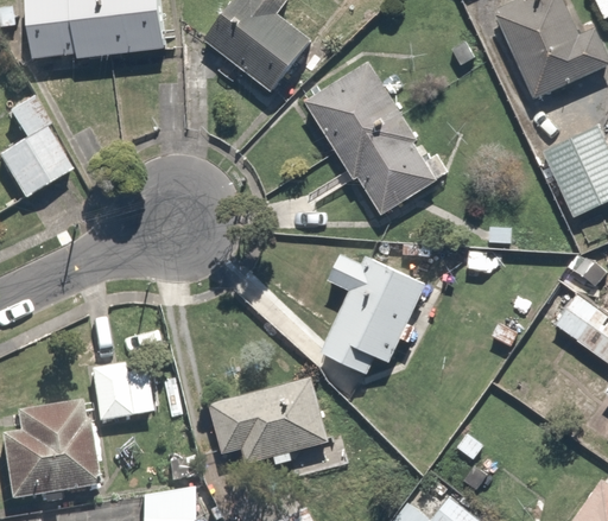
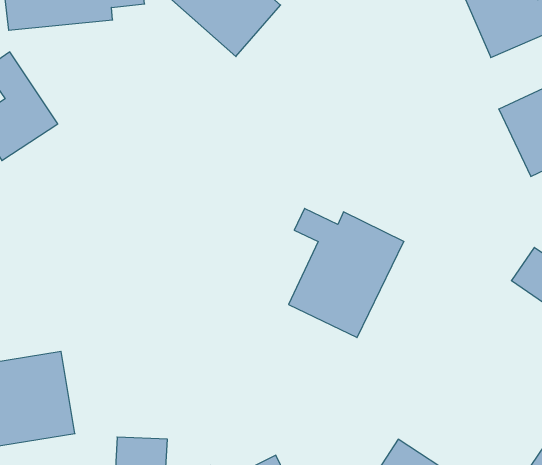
building: [309,62,439,215] -> none
building: [93,362,154,420] -> none
building: [210,381,330,460] -> none

